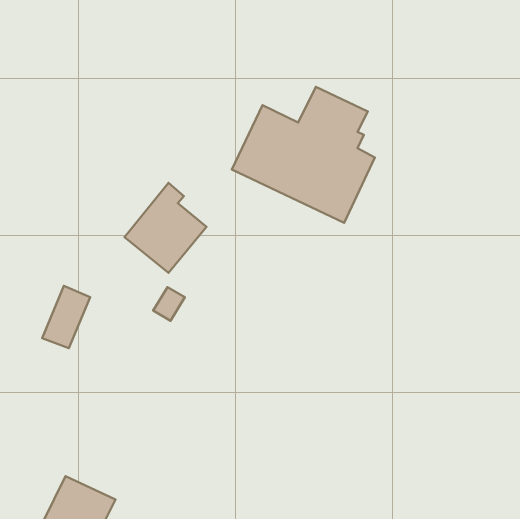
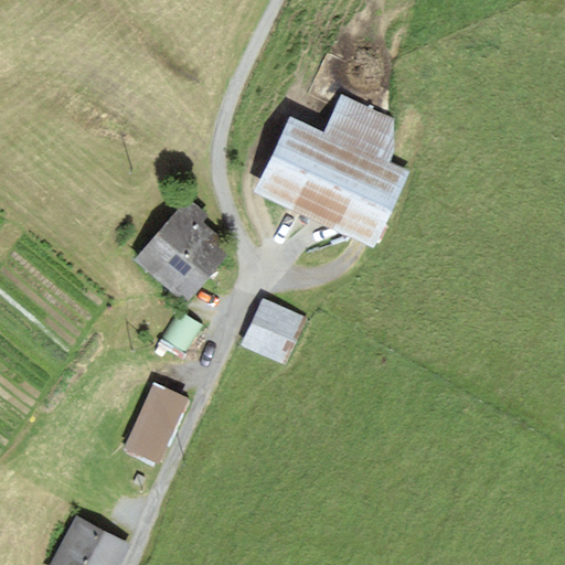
building: none -> [246,299,310,363]
building: [42,286,90,348] -> [127,388,179,456]

